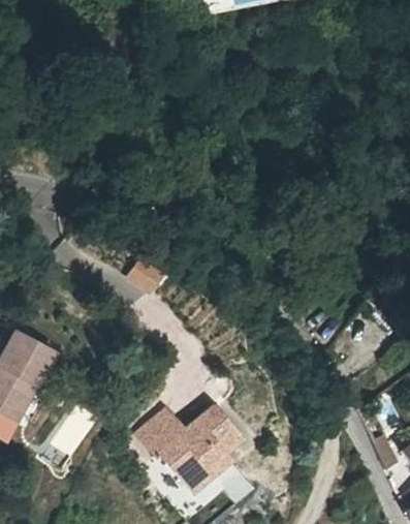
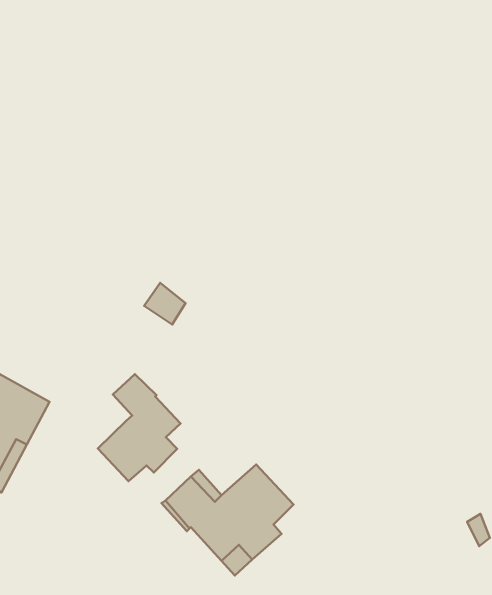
building: none -> [98,374,181,481]

